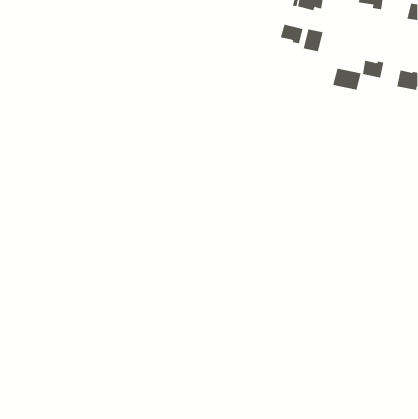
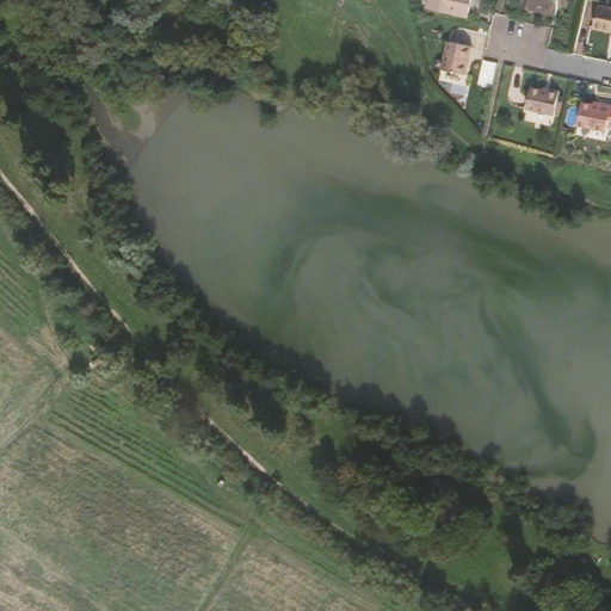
building: [280,24,303,44] -> none
building: [333,68,361,91] -> none

